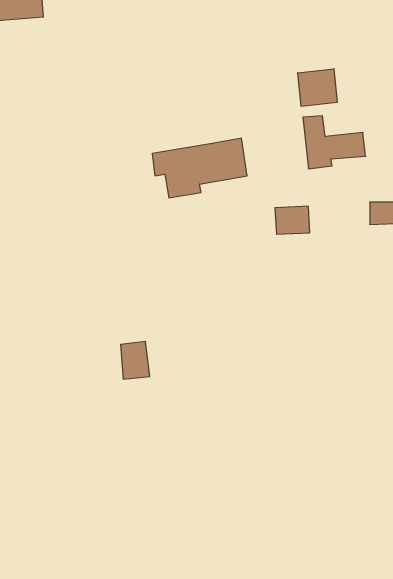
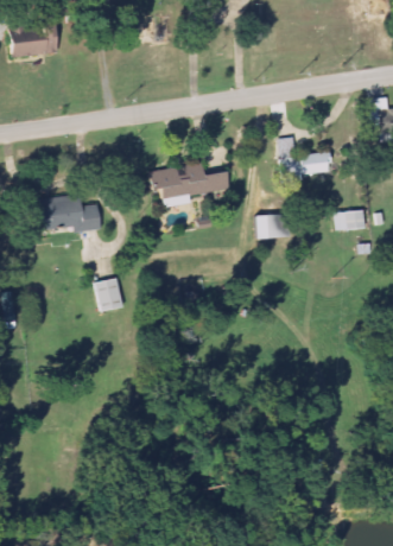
building: [298,69,337,106] -> none
building: none -> [27,195,100,233]
building: [121,342,150,379] -> [96,279,121,311]

